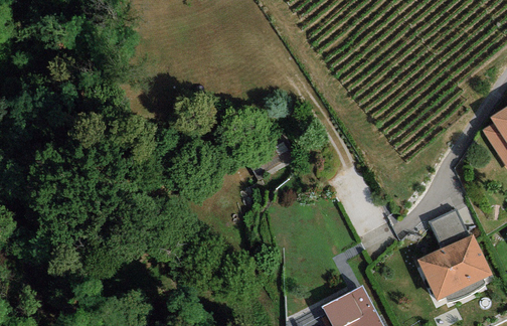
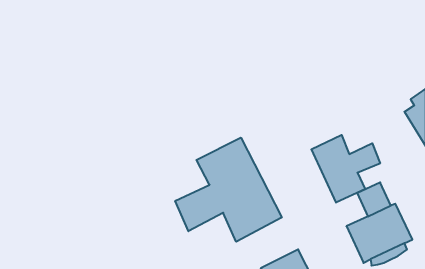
building: none -> [311,135,380,203]
building: none -> [175,138,282,242]

